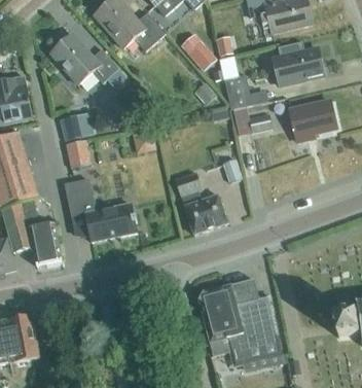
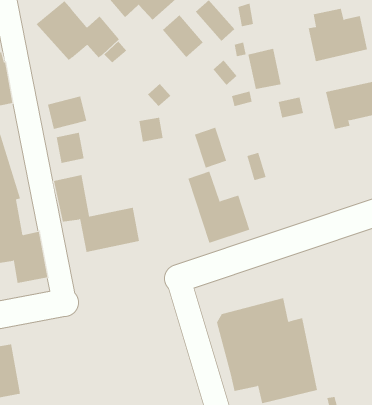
building: none -> [162,15,203,58]
building: none -> [194,127,227,169]

